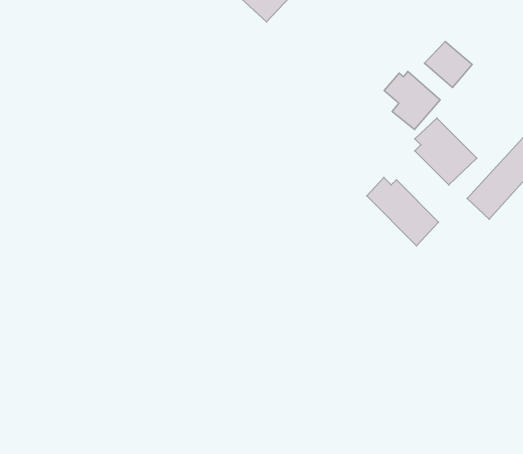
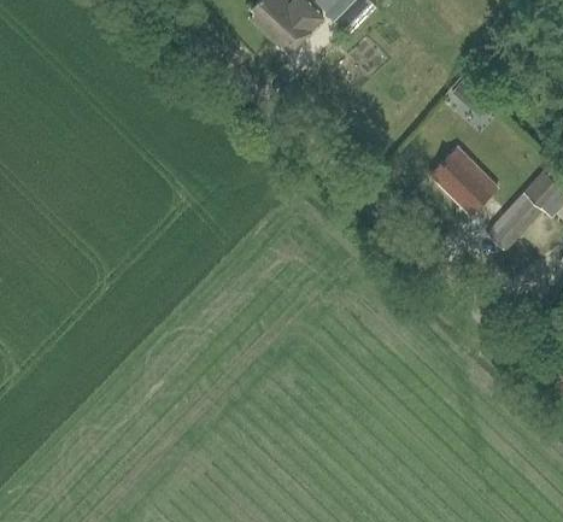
building: [384,72,440,130] -> none
building: [367,177,439,246] -> none

